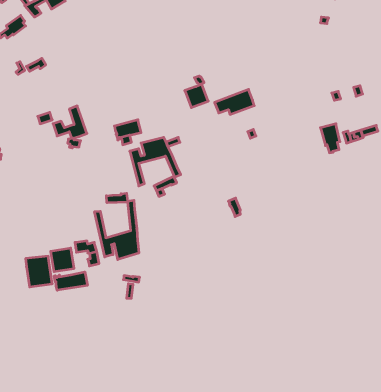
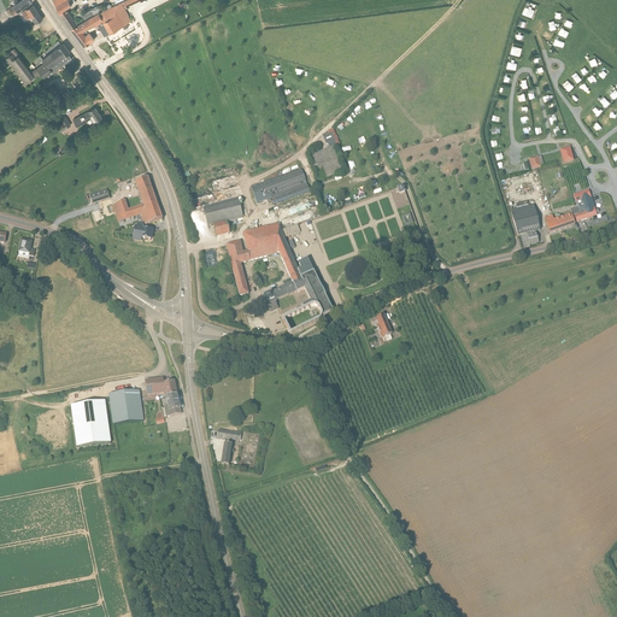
building: [215,89,254,114] -> [251,166,310,204]
building: none -> [293,257,333,315]
building: [95,193,139,260] -> none
building: [54,272,87,290] -> none

